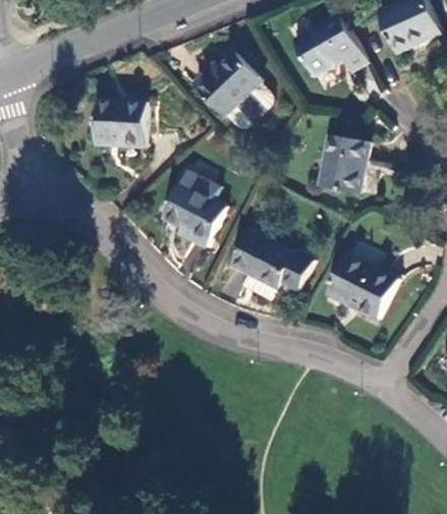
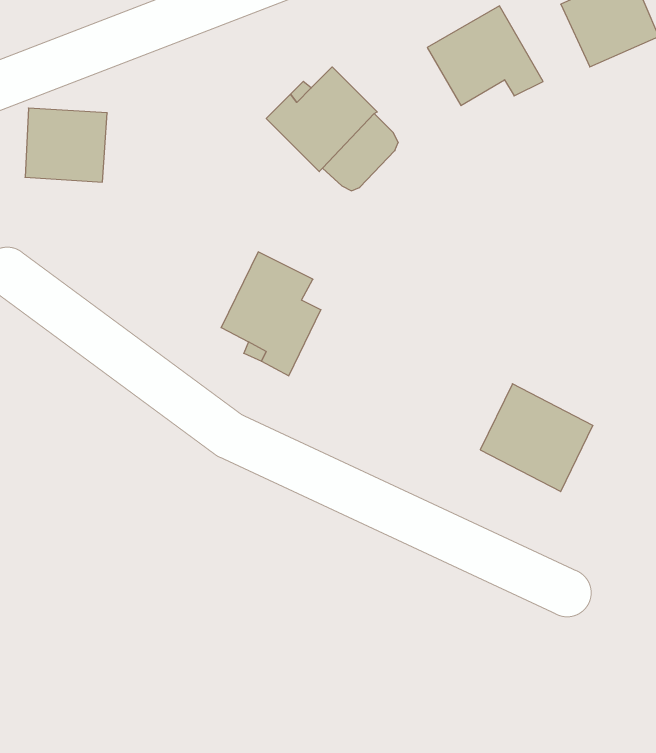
building: [95,99,147,146] -> [25,108,107,182]
building: [319,134,369,191] -> none
building: [231,230,314,299] -> none

